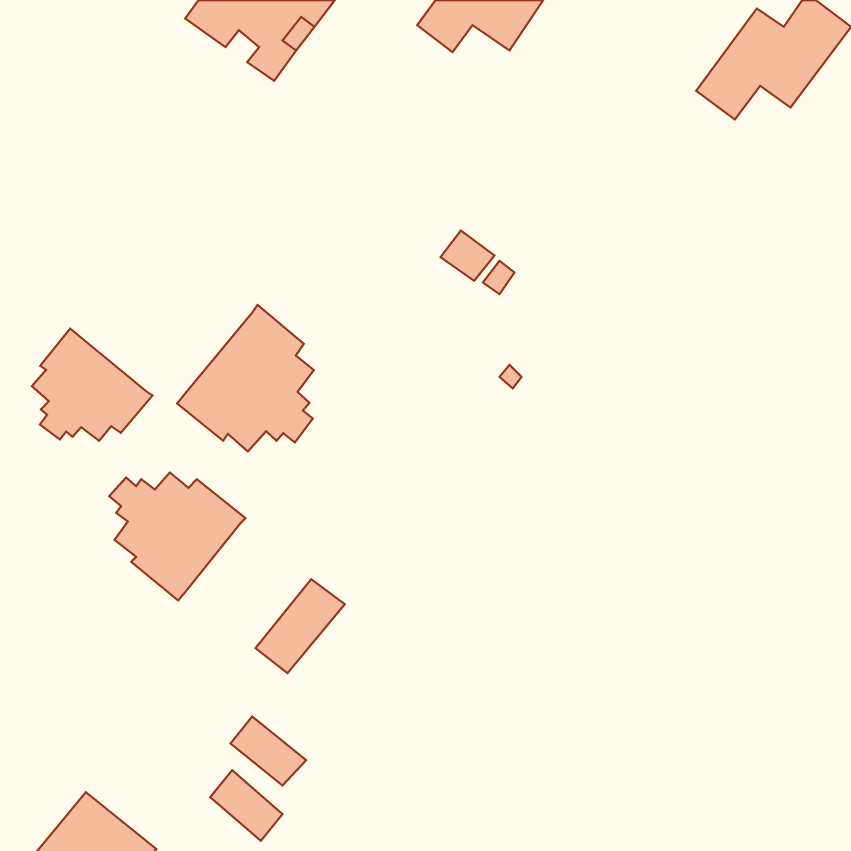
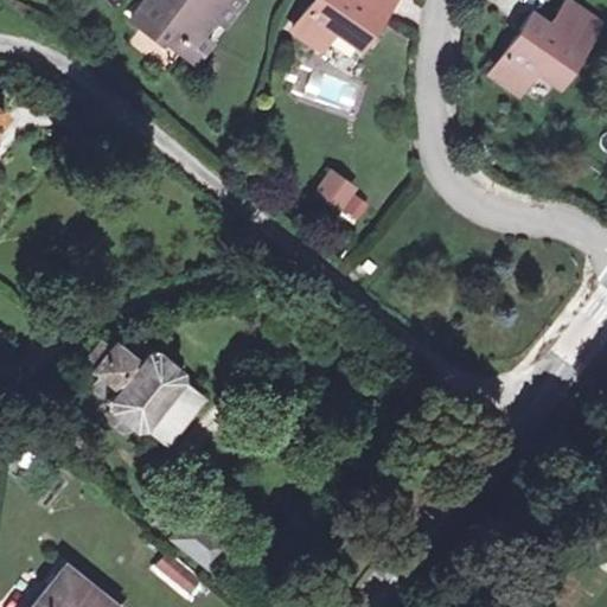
building: [177,305,314,451] -> none
building: [32,329,152,441] -> none
building: [256,579,345,673] -> [136,375,199,441]

